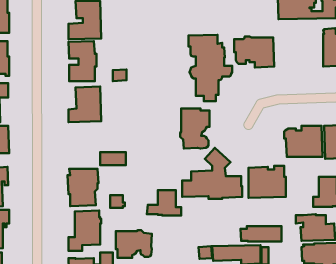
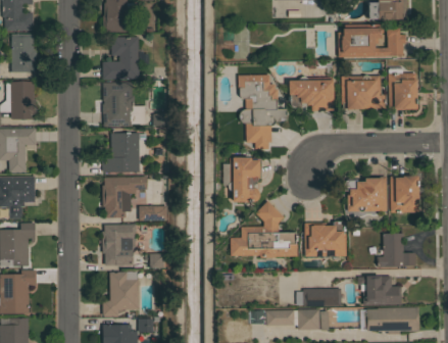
building: none -> [341,76,386,109]
building: none -> [102,177,147,218]
building: [147,190,181,216] -> none
building: [116,230,152,258] -> none

